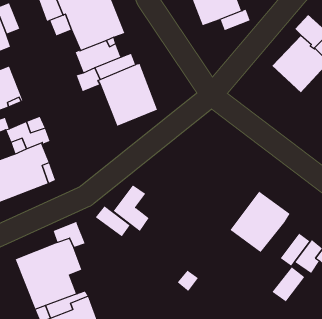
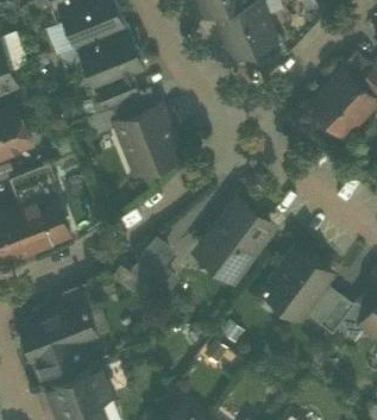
building: none -> [199,203,272,281]
building: [271,267,305,302] -> [303,286,341,326]

